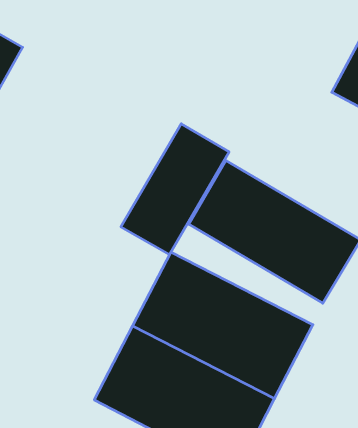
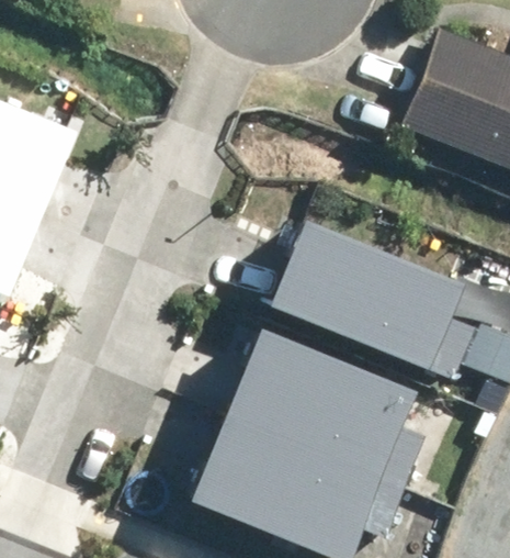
building: [121,124,229,255] -> none

